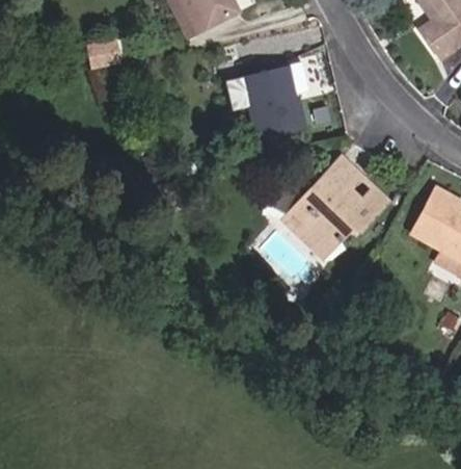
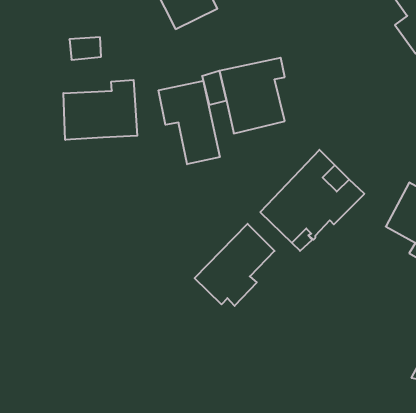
building: none -> [63,80,137,140]
building: none -> [159,81,220,164]
building: none -> [195,224,275,306]

